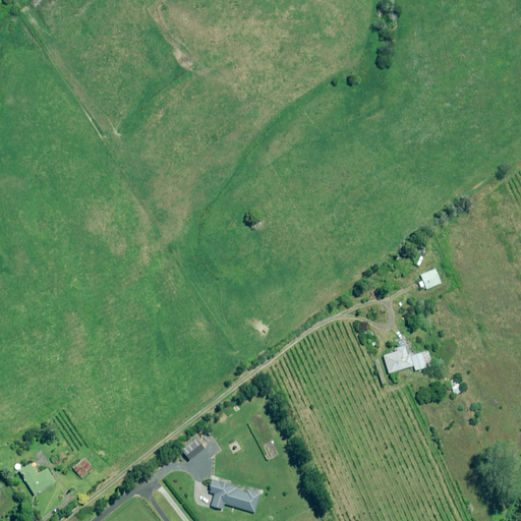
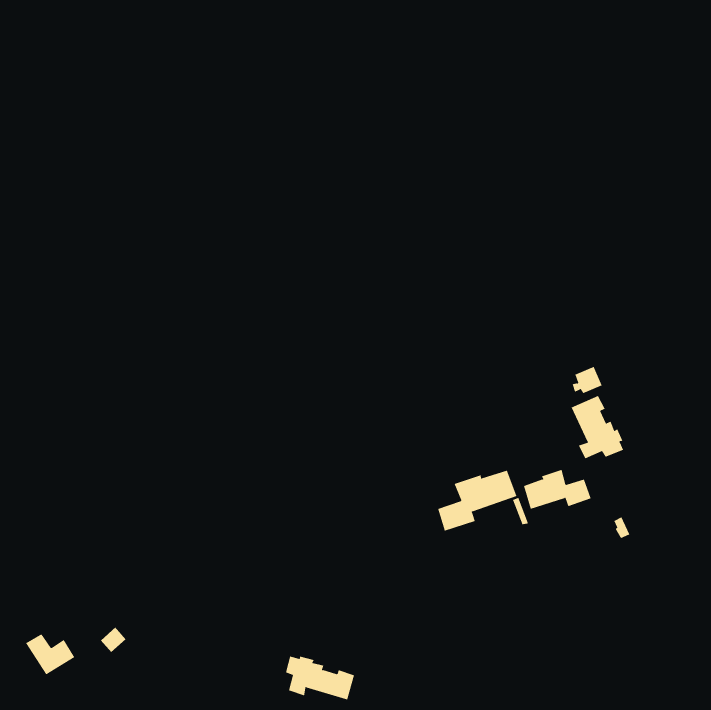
building: none -> [571,395,624,459]
building: none -> [438,470,517,531]

